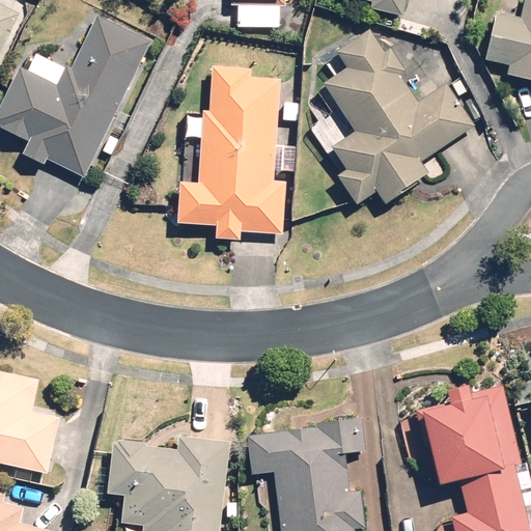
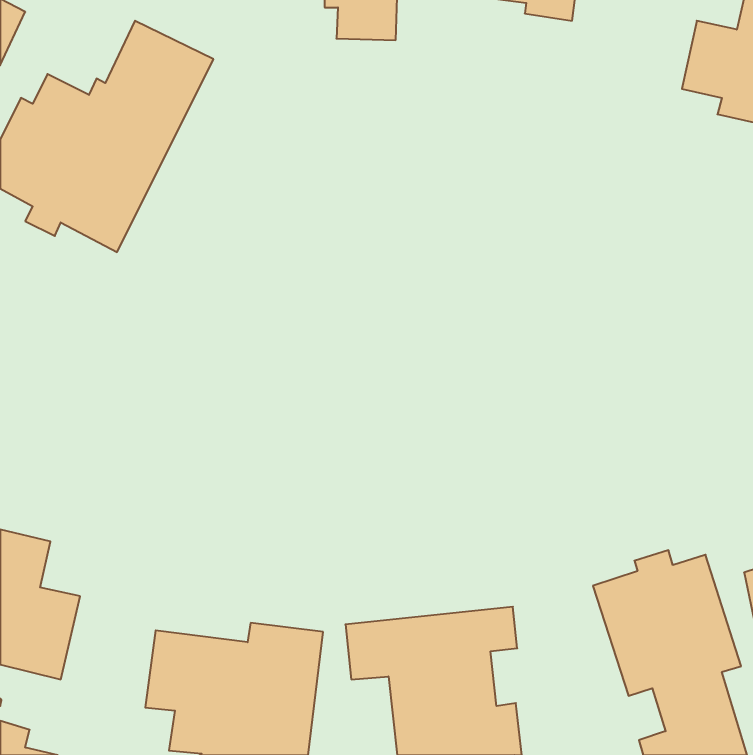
building: [315,30,473,205] -> none
building: [174,66,287,243] -> none

